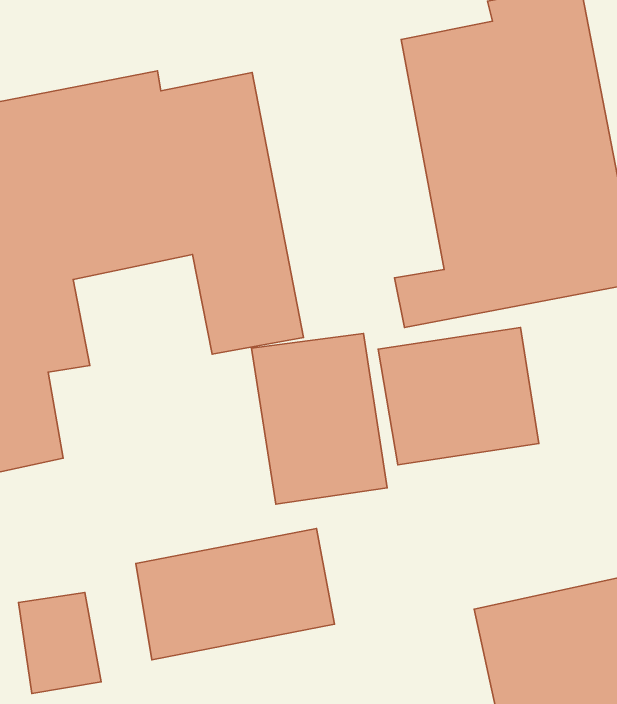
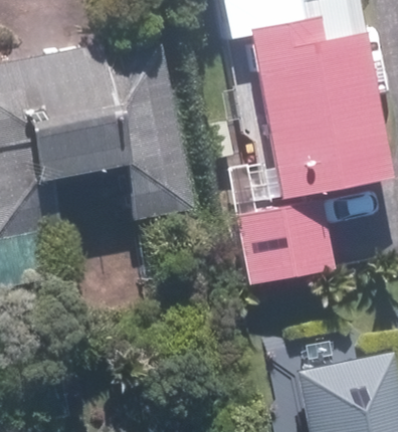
building: [252,333,387,504] -> none
building: [136,528,334,660] -> none

